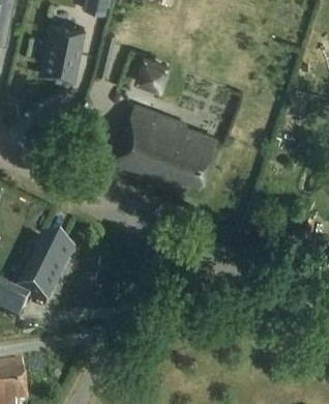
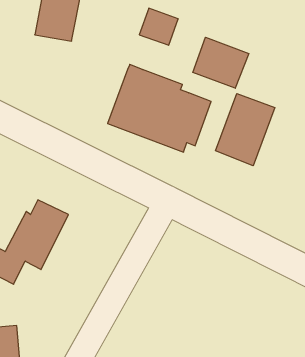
building: none -> [193,37,249,88]
building: none -> [216,94,275,166]

